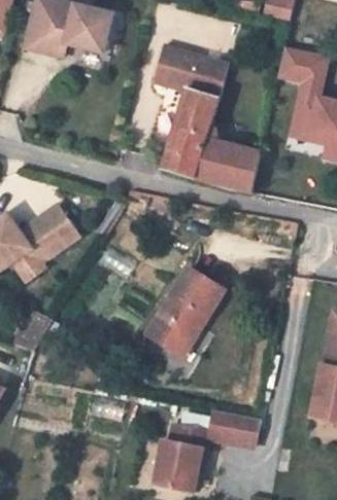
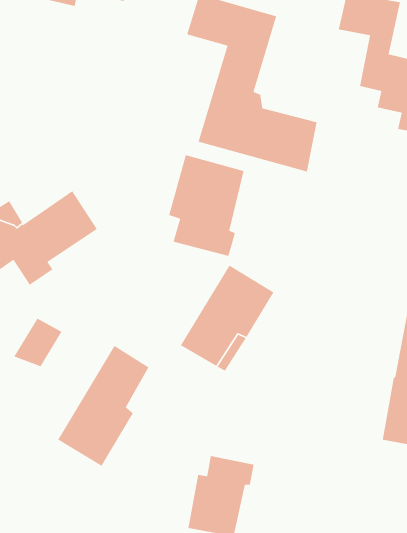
building: none -> [168,154,244,257]
building: none -> [57,345,149,467]
building: [207,410,258,444] -> none

